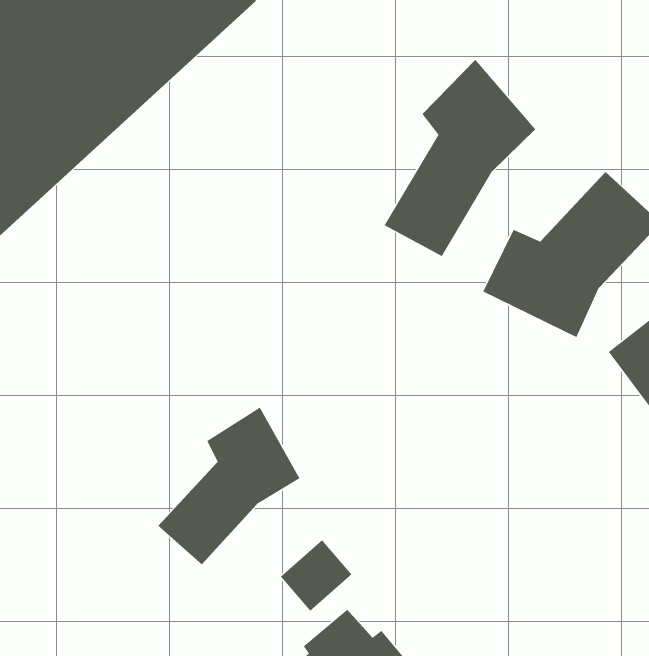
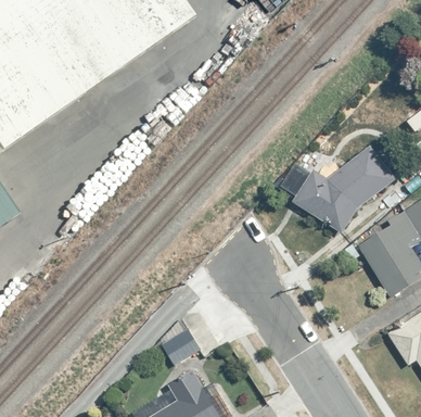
building: [383,59,536,257] -> none
building: [157,406,301,565] -> none

